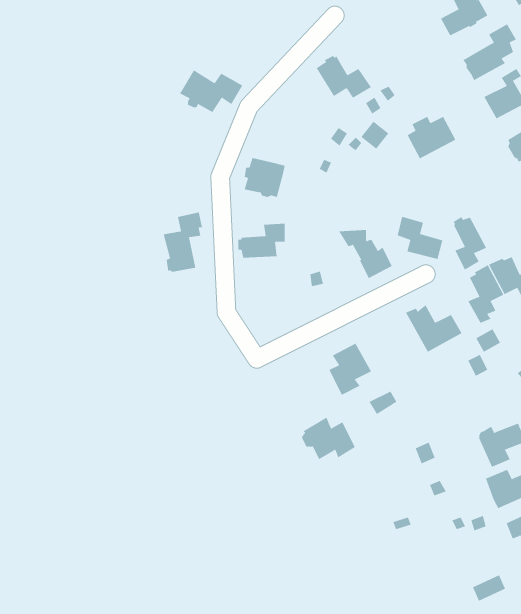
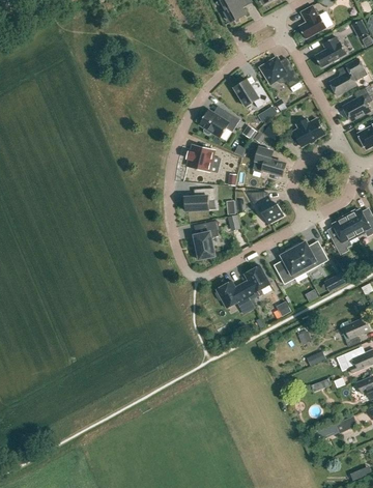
building: none -> [259,58,299,86]
building: [179,70,243,113] -> [198,109,239,137]
building: [163,212,203,273] -> [193,220,219,259]
building: [453,216,487,271] -> none
building: [397,216,443,259] -> [255,147,285,175]
building: none -> [280,246,306,282]
building: [301,417,355,460] -> [214,280,250,308]

